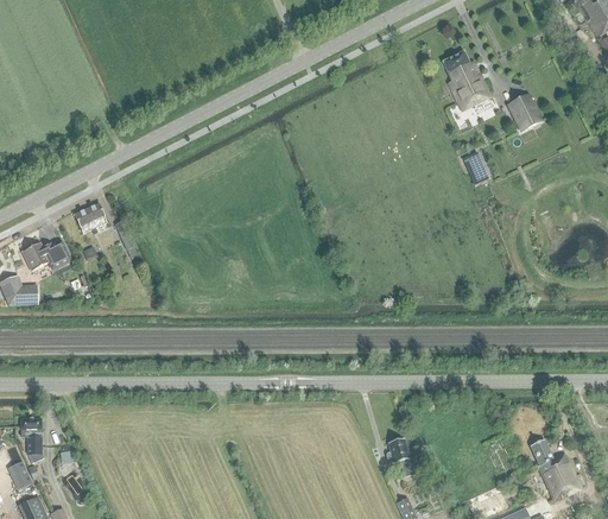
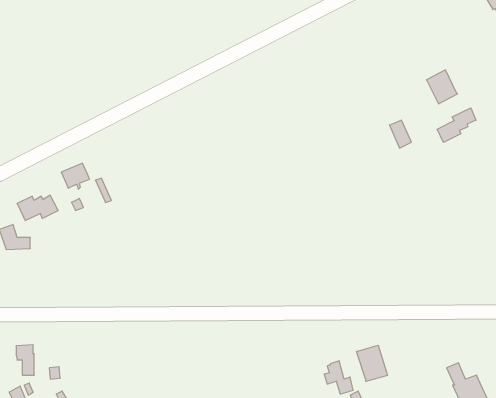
building: [443,51,490,110] -> none
building: none -> [437,108,476,142]
building: none -> [357,345,387,381]

